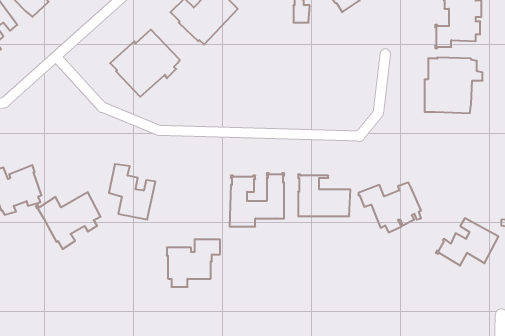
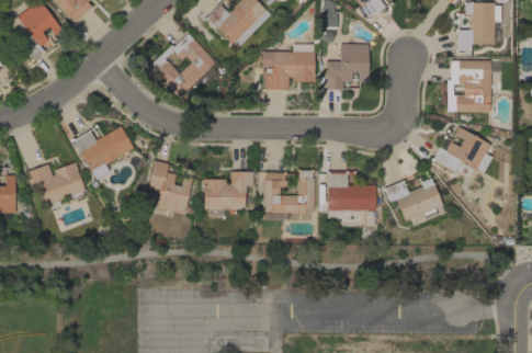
building: none -> [327,45,370,90]
building: none -> [263,46,316,90]
building: [36,192,101,249] -> [72,126,134,180]
building: [436,218,498,266] -> [432,127,491,172]
building: [167,239,220,287] -> [204,172,254,217]

